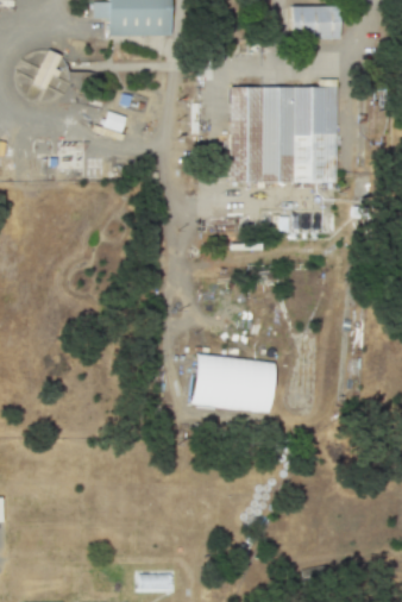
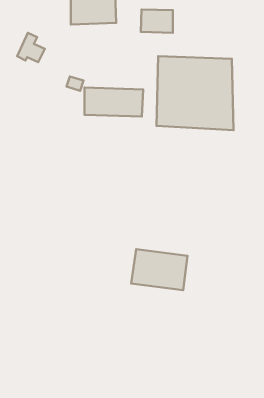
building: [293,7,338,40] -> [141,9,173,33]
building: none -> [84,88,143,117]

